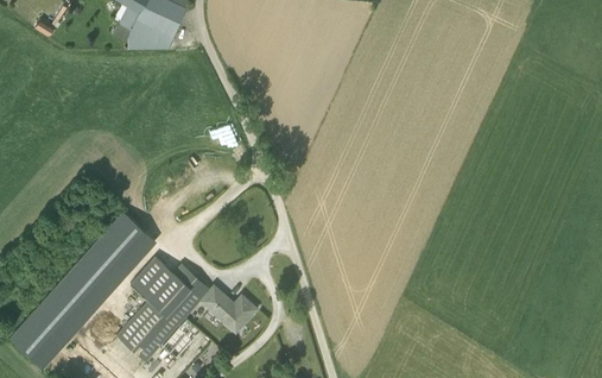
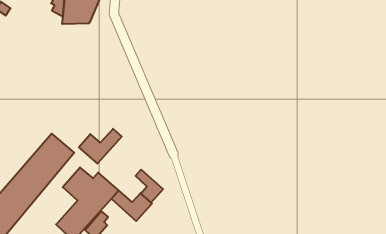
building: none -> [79,129,122,164]
building: none -> [136,170,163,202]

